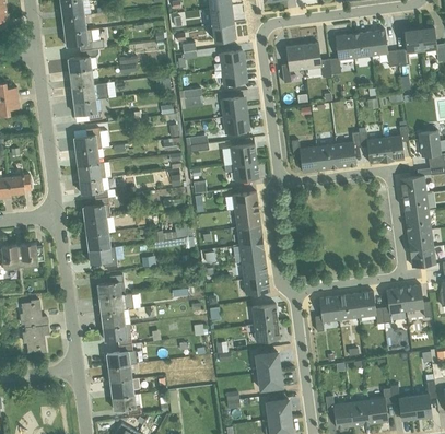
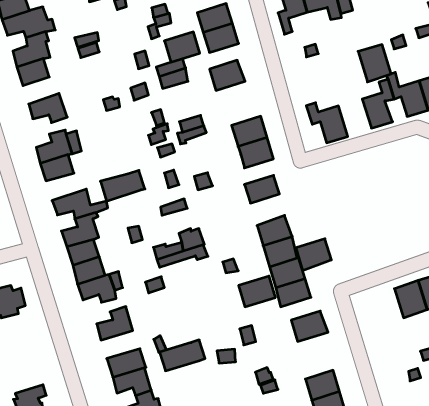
building: [71,82,115,103] -> none
building: [222,114,248,134] -> [164,32,200,62]
building: [316,143,339,171] -> [358,45,391,82]
building: [77,162,110,181] -> [100,170,145,201]
building: [234,207,260,228] -> [296,239,331,270]
building: [98,293,133,313] -> [160,340,205,371]
building: [314,296,339,331] -> none
building: [20,300,47,328] -> none
building: [253,321,280,342] -> [239,276,275,307]

